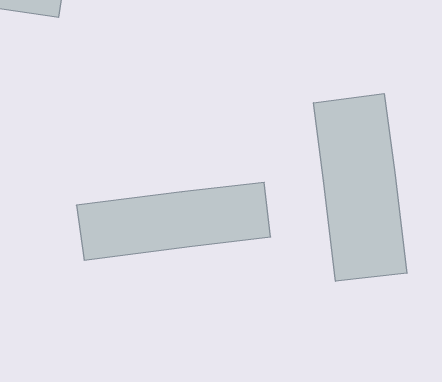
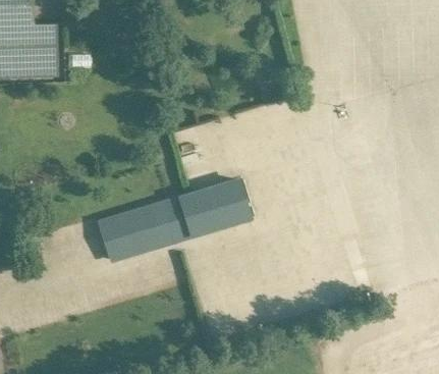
building: [314,94,407,281] -> none

